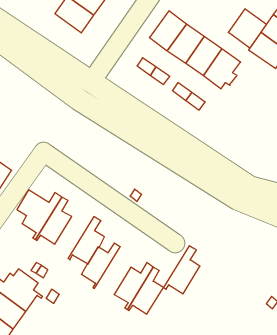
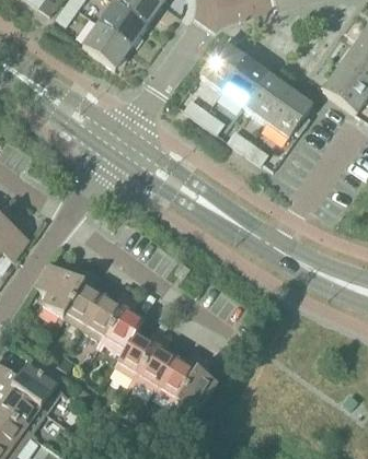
building: [228,9,266,48] -> none
building: none -> [82,290,130,345]
building: [164,246,200,294] -> [131,331,176,390]

